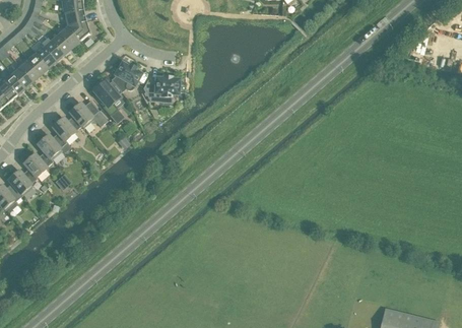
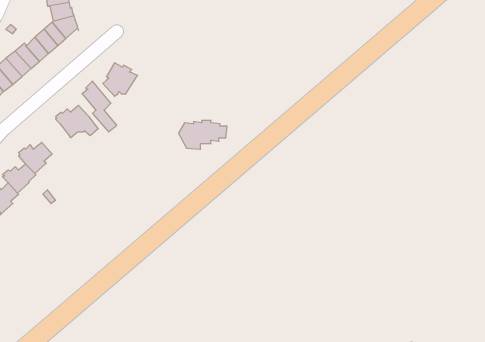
building: [143,75,186,101] -> [179,120,227,149]
building: [53,114,81,139] -> none

